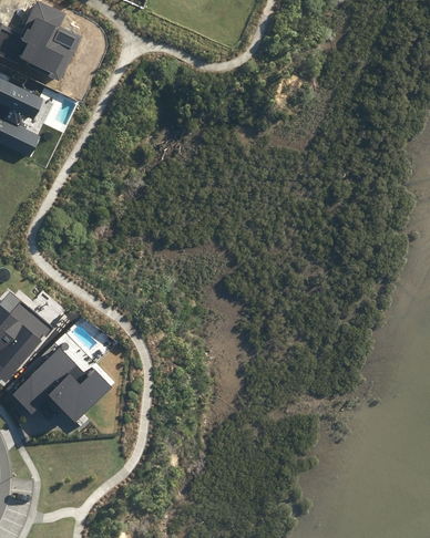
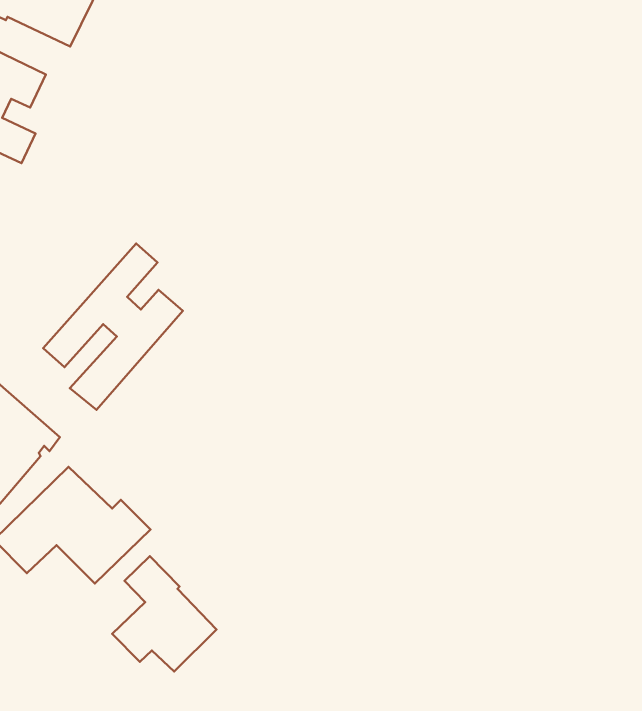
building: none -> [43,244,183,410]
building: none -> [112,556,217,672]

